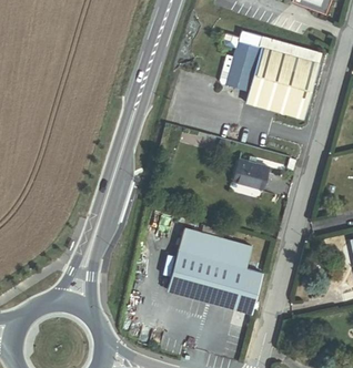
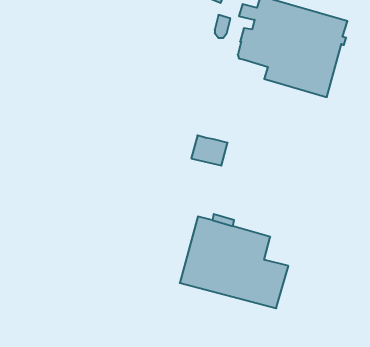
building: [234,161,268,188] -> [191,135,228,166]

